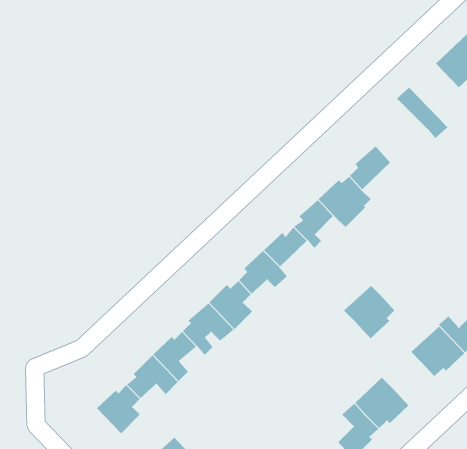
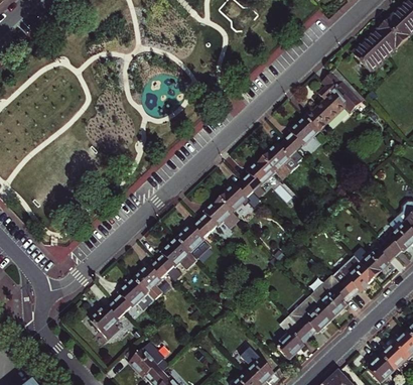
building: none -> [303,86,345,131]
building: [343,284,395,339] -> [309,275,350,317]

